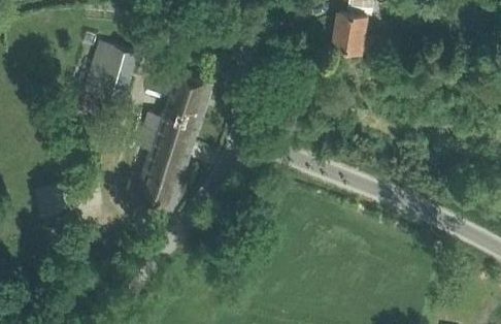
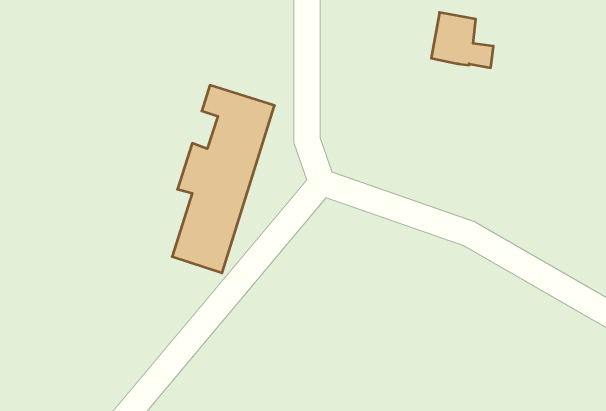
building: [83,41,137,102] -> none

